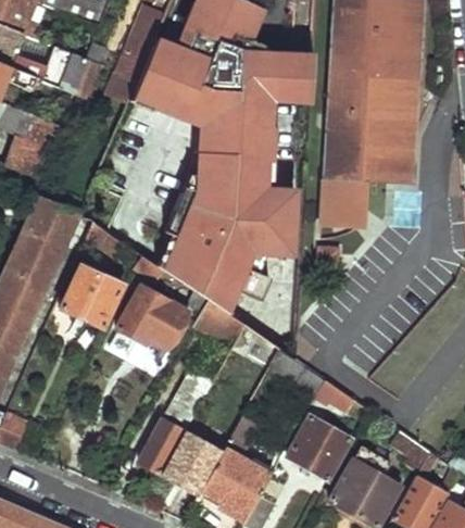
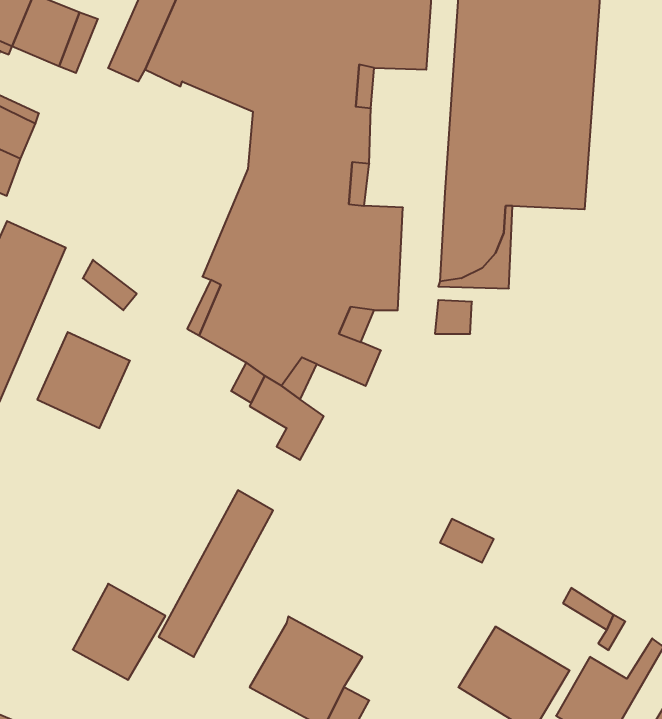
building: [115,289,181,347] -> none
building: [284,414,345,478] -> none
building: [160,433,219,495] -> [73,584,165,680]

